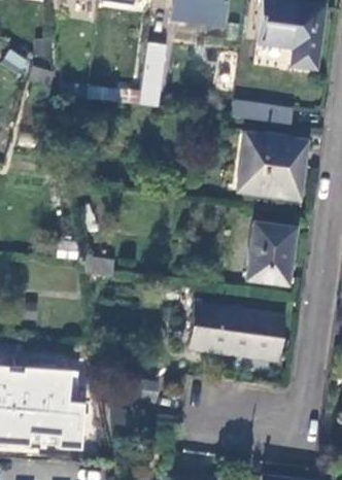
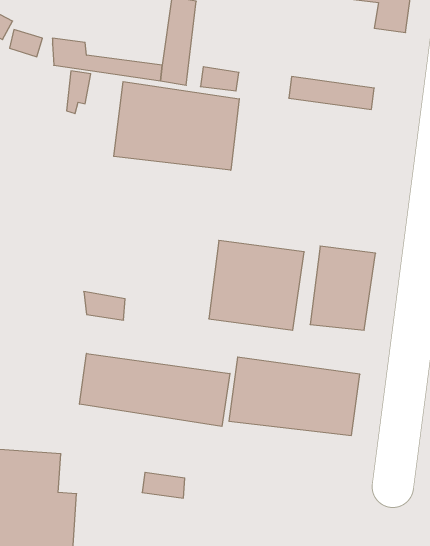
building: none -> [114,82,239,170]
building: [237,133,306,198] -> [209,240,304,330]
building: none -> [80,353,230,426]

